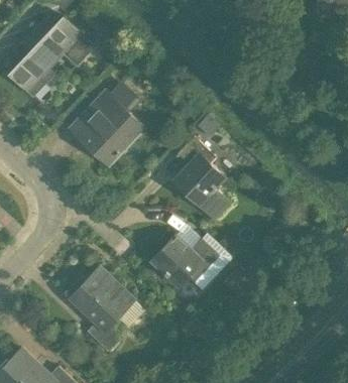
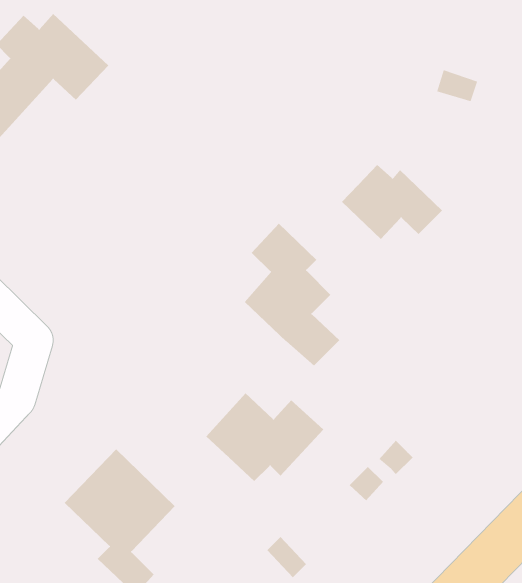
building: [70,92,144,166] -> none
building: none -> [341,164,443,240]

